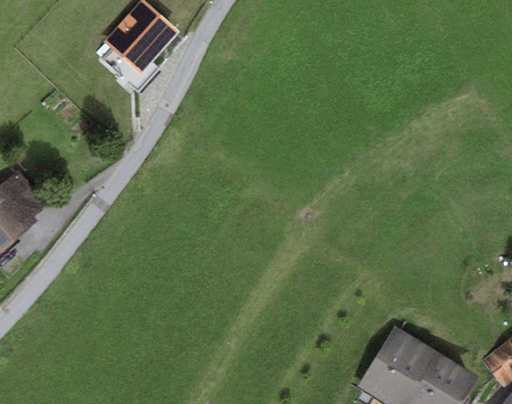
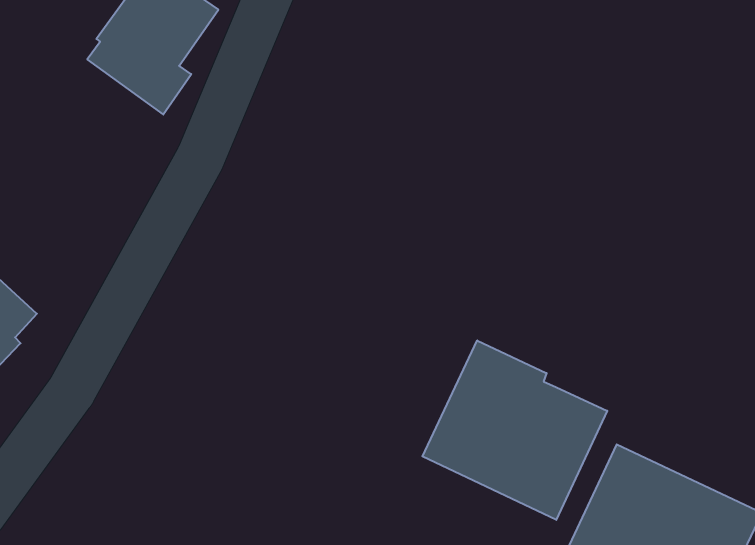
building: none -> [422,340,607,520]

